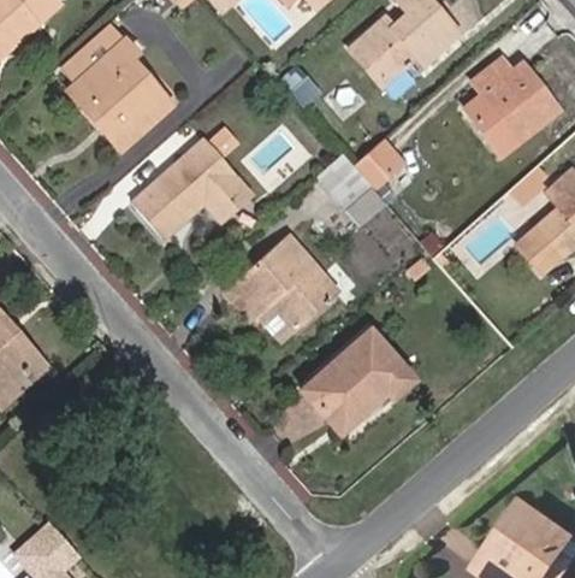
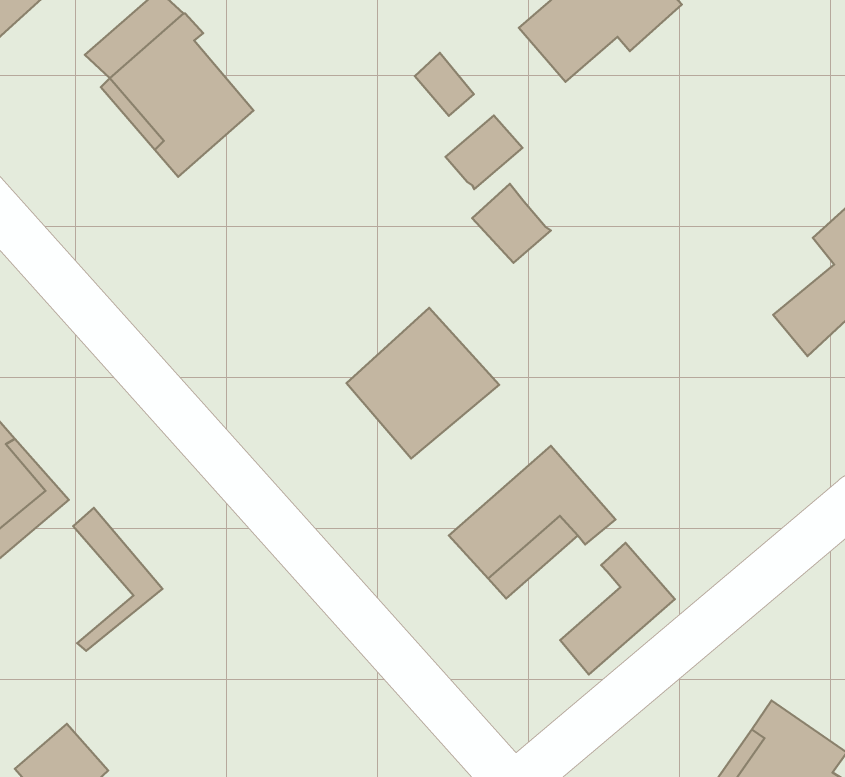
building: [460,57,562,157] -> none
building: [354,138,405,188] -> [446,116,523,189]
building: [135,140,251,236] -> none
building: none -> [73,508,163,651]
building: none -> [560,543,675,674]

